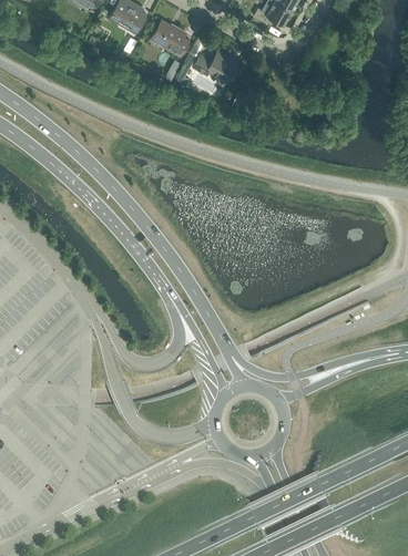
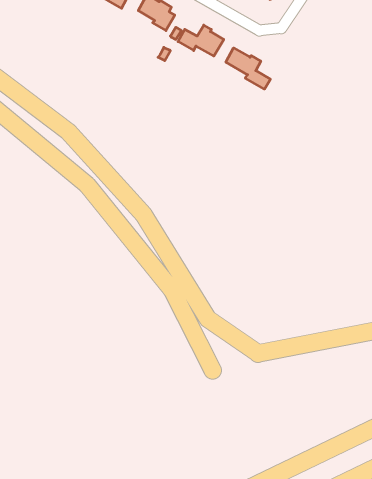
building: none -> [226,48,270,89]

